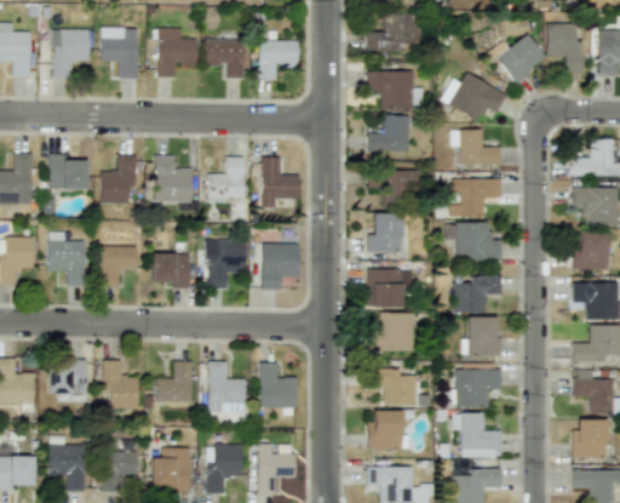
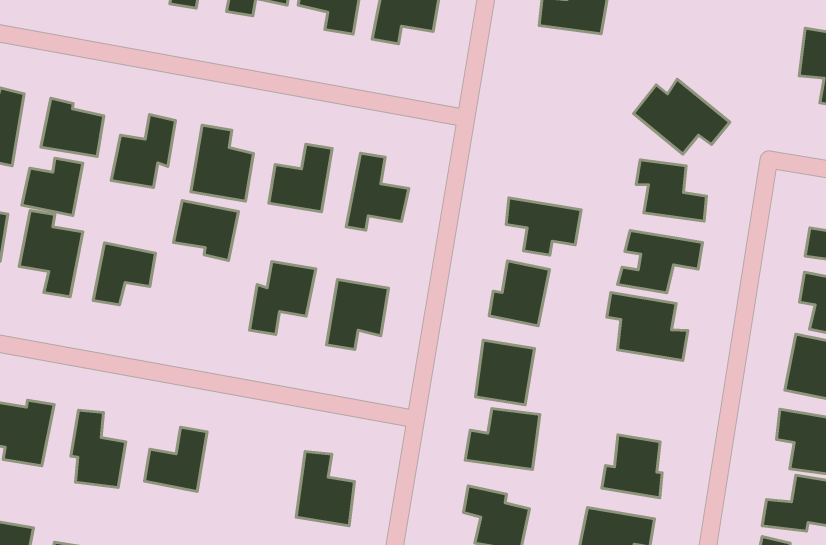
building: [492,34,546,81] -> none
building: [368,70,414,109] -> none
building: [368,114,409,152] -> none
building: none -> [22,158,83,215]
building: [151,252,191,287] -> [173,200,238,261]
building: [454,275,503,313] -> none
building: [208,360,246,412] -> none

